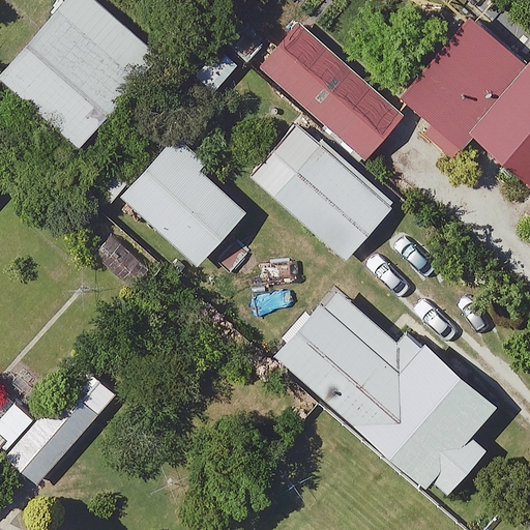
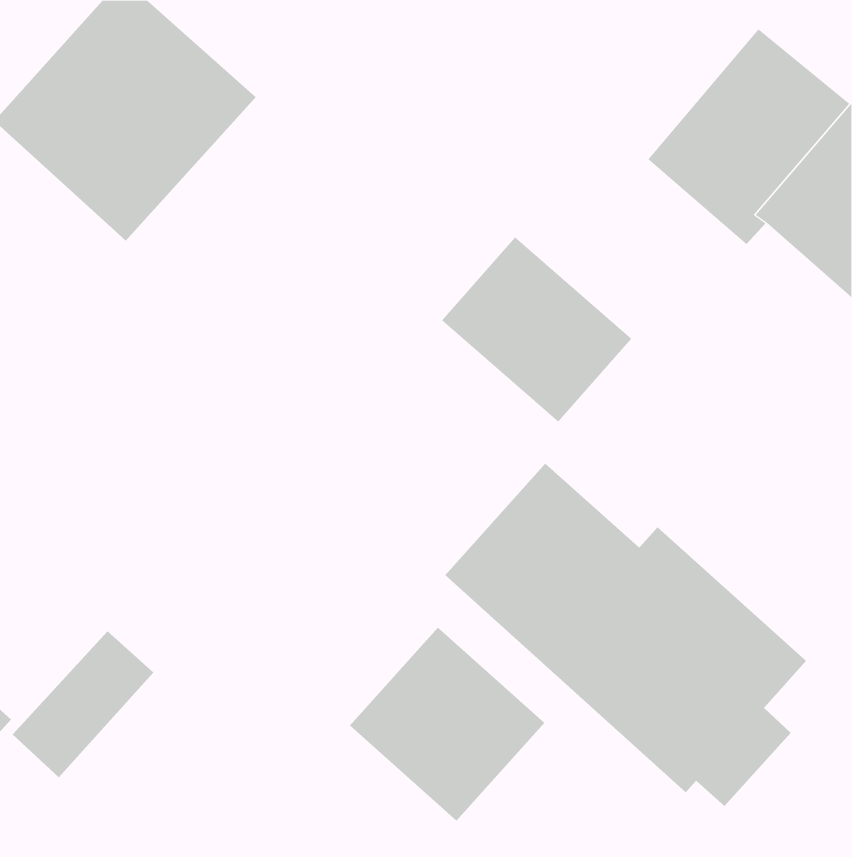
building: [260,25,402,158] -> none
building: [120,137,254,272] -> none
building: none -> [349,627,545,821]

